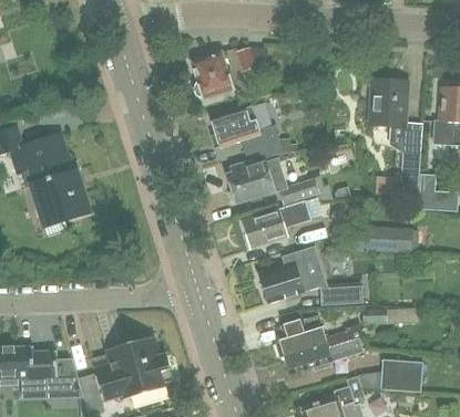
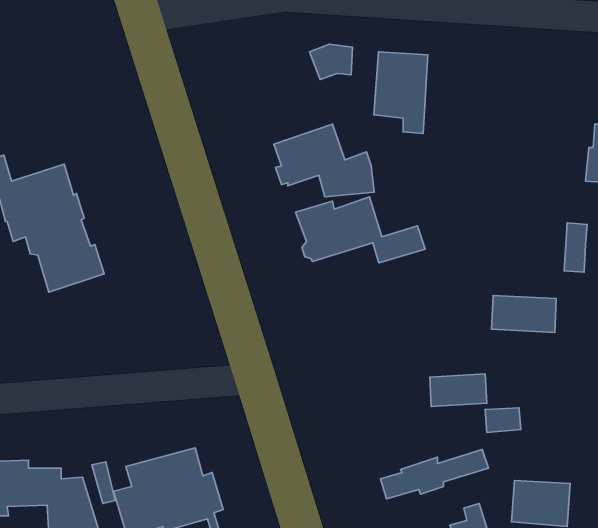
building: [192,51,234,98] -> none
building: [369,79,408,137] -> [374,52,428,133]
building: [400,144,421,185] -> none
building: [243,204,300,248] -> none
building: [260,251,319,302] -> none
building: [276,314,359,358] -> none

